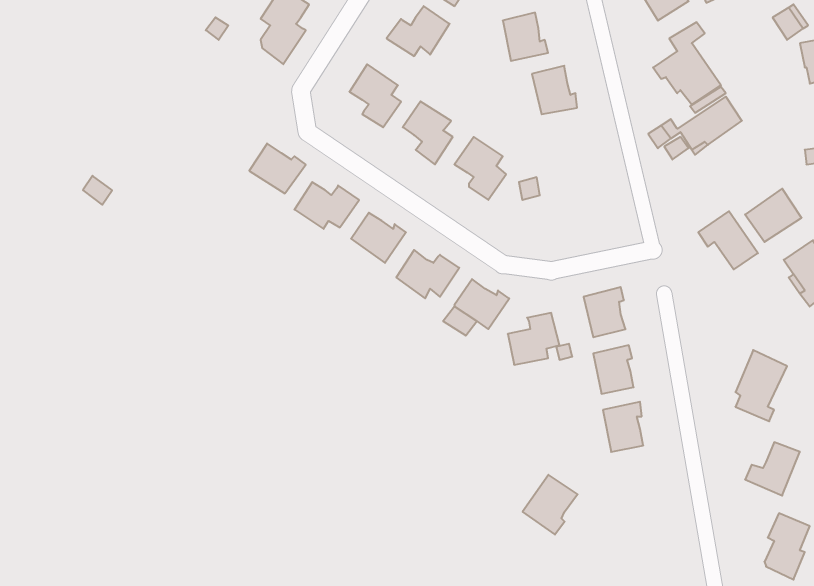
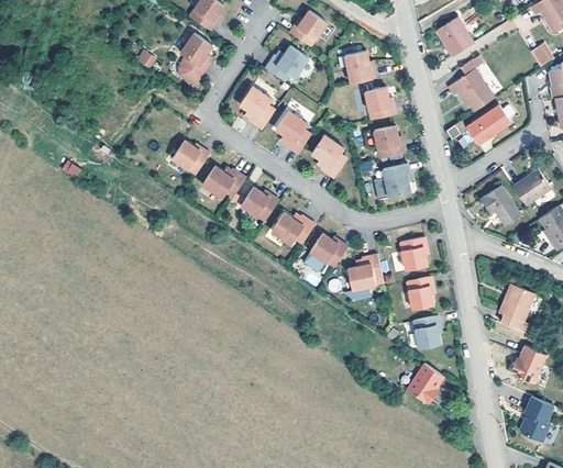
building: none -> [375,126,406,158]
building: none -> [375,164,410,199]
building: [523,475,578,535] -> [407,364,444,404]

